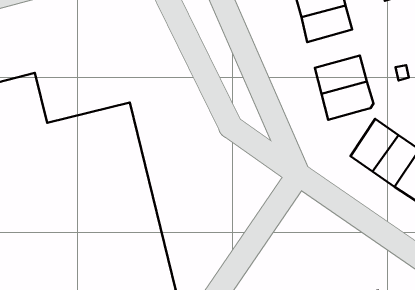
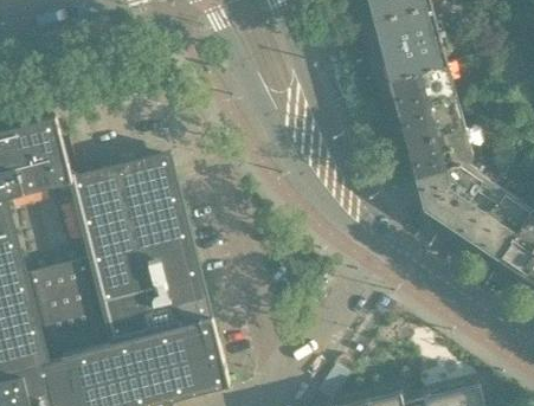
building: none -> [388,64,453,111]
building: none -> [414,163,472,220]

